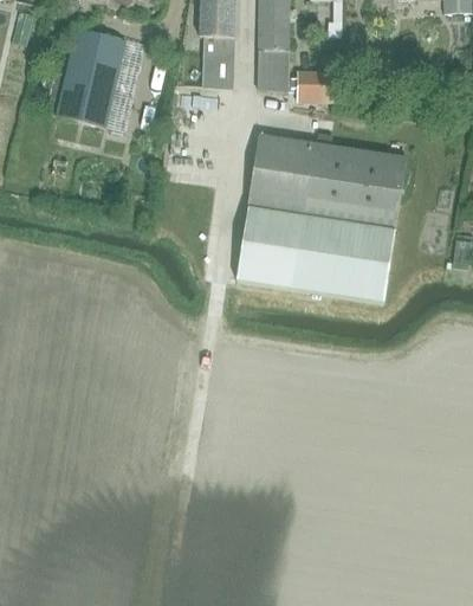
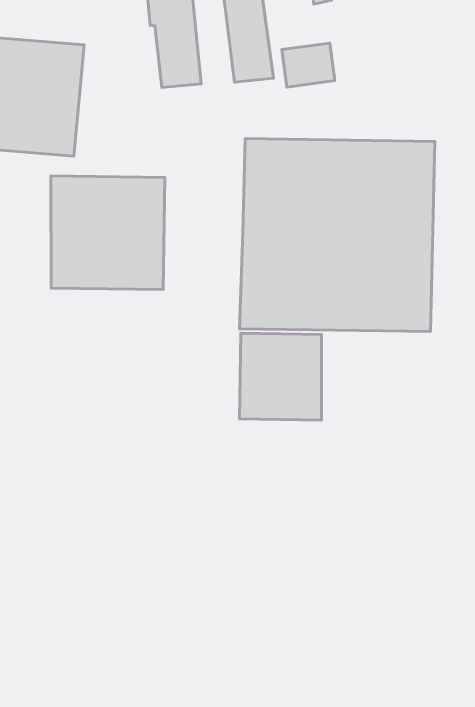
building: none -> [51,176,165,290]
building: none -> [240,333,321,420]

